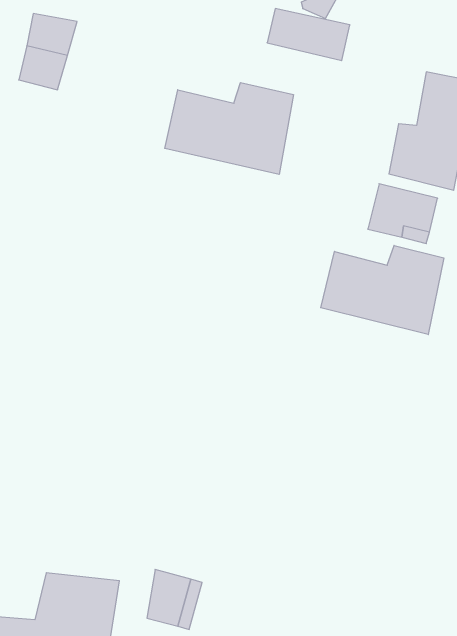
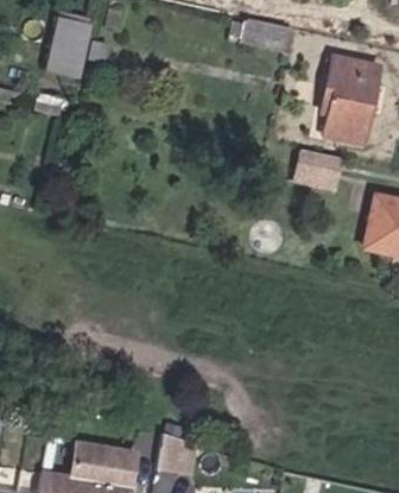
building: [165,83,293,174] -> none
building: [321,245,444,335] -> none

